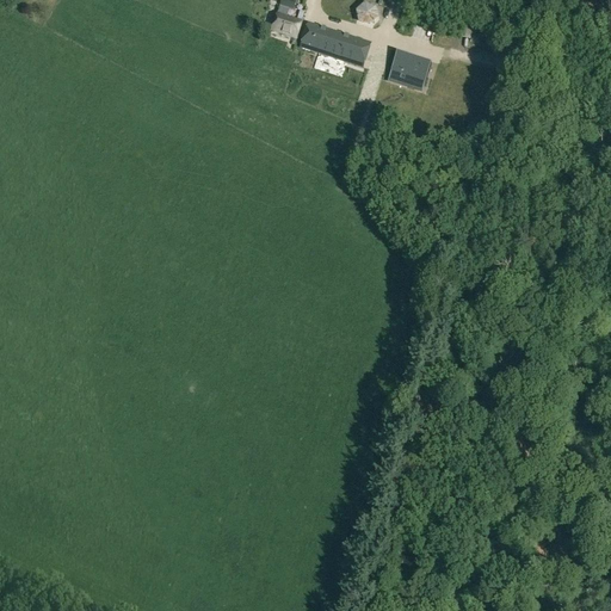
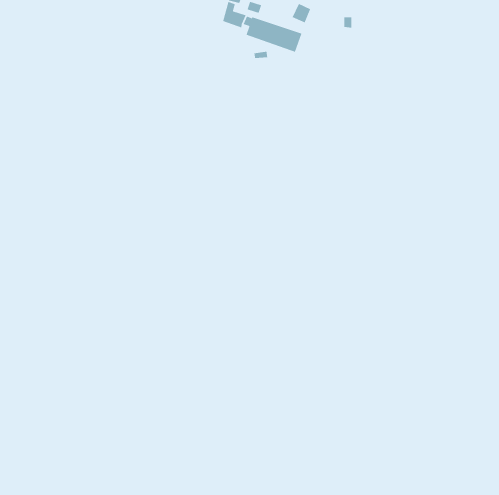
building: [390,49,431,86] -> none

